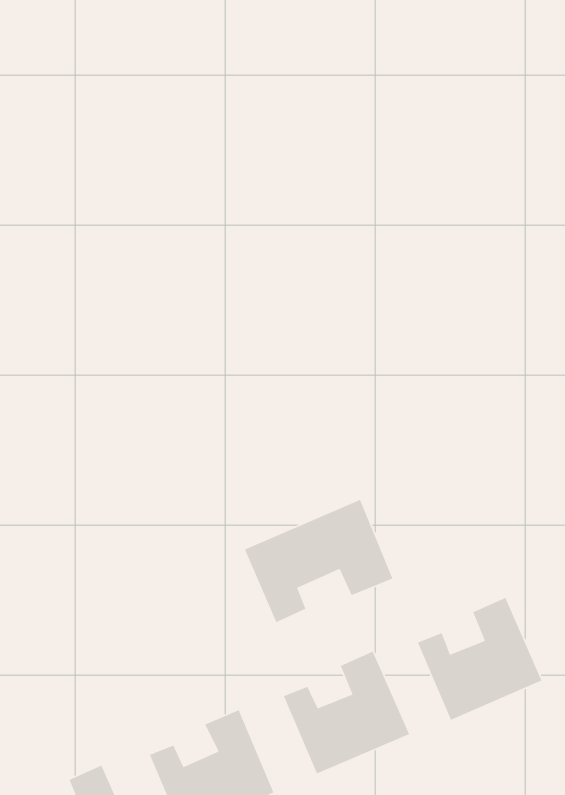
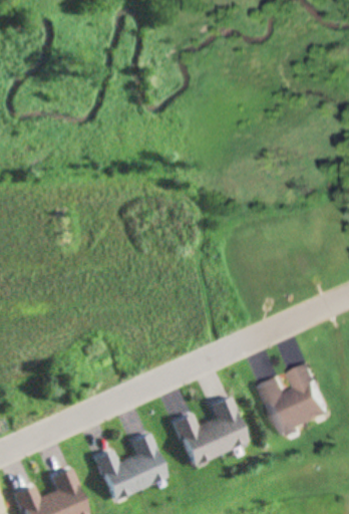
building: [244,499,393,623] -> none

